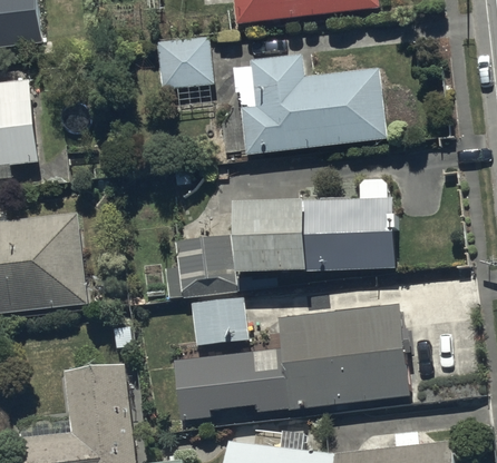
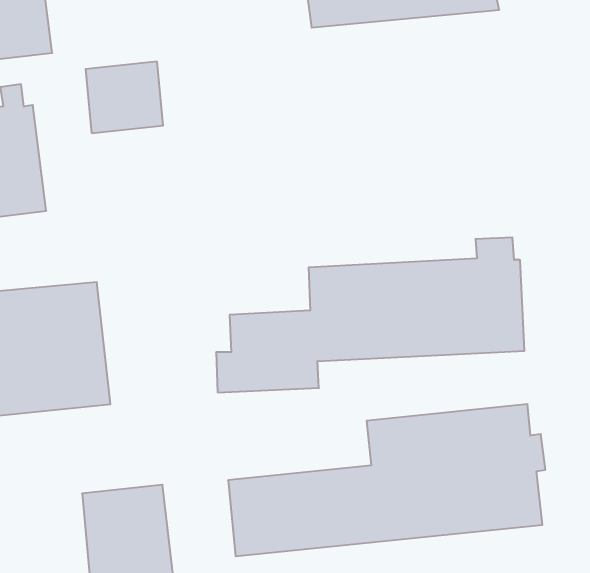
building: [155,37,213,90] -> [86,62,163,133]
building: [238,53,386,156] -> none
building: [189,296,245,346] -> none

